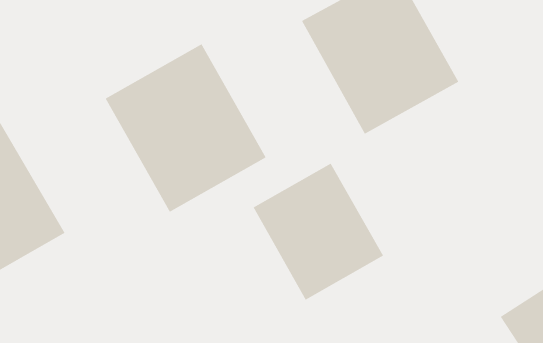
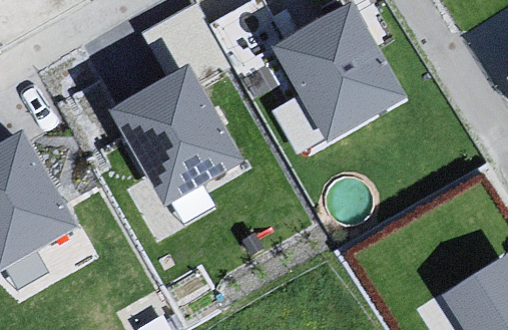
building: [253,163,384,300] -> none

